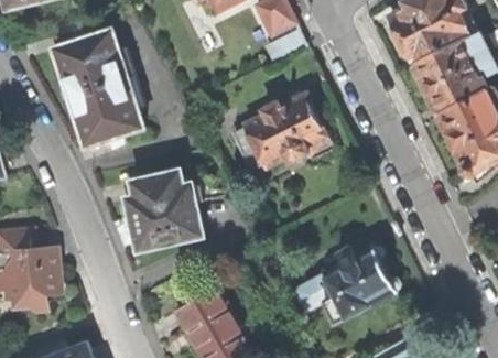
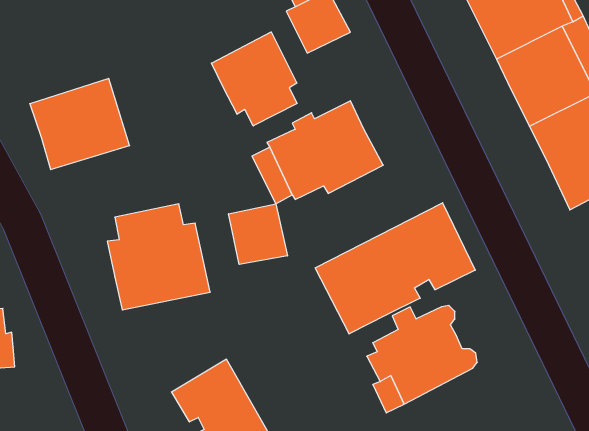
building: [53,29,127,96] -> none
building: none -> [211,32,297,126]
building: none -> [315,203,475,334]
building: none -> [229,204,287,264]

